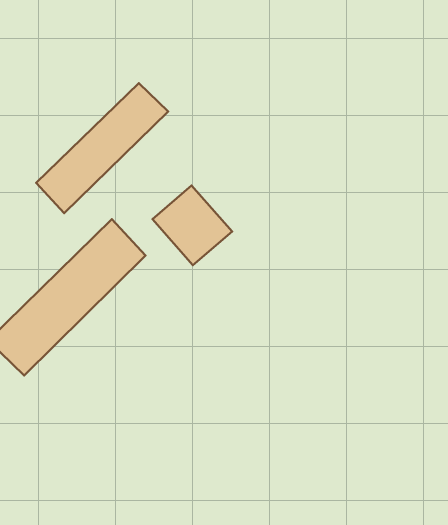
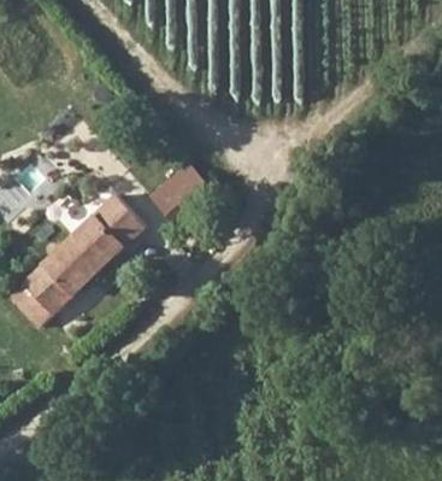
building: [36,83,168,213] -> none

